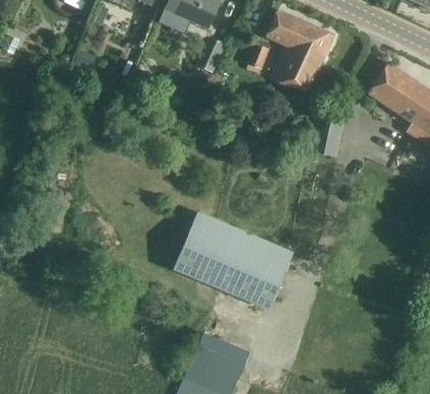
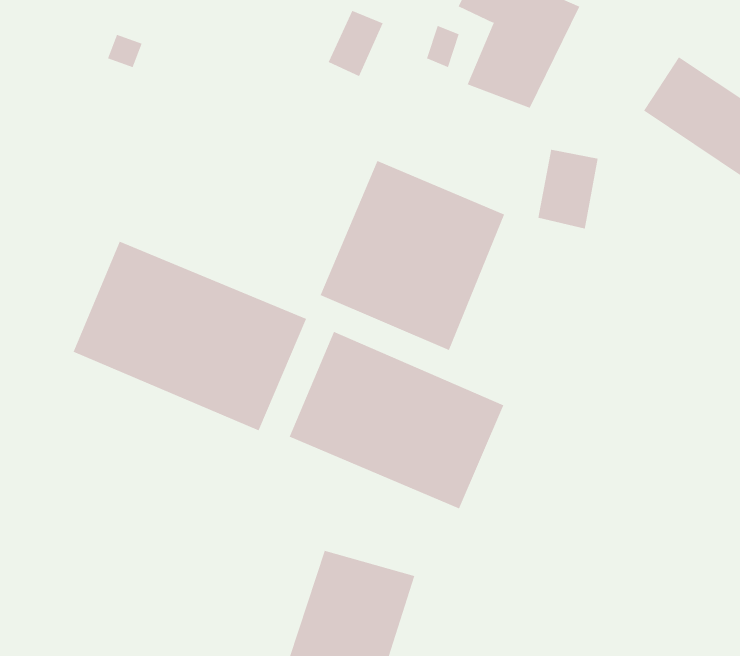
building: none -> [320,160,505,351]
building: none -> [73,241,307,431]

